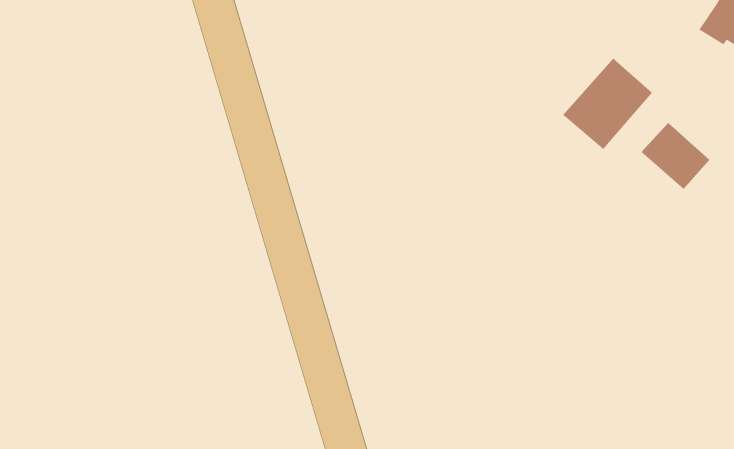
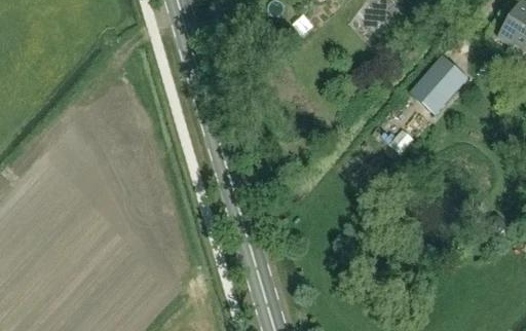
building: [640,122,710,190] -> none

